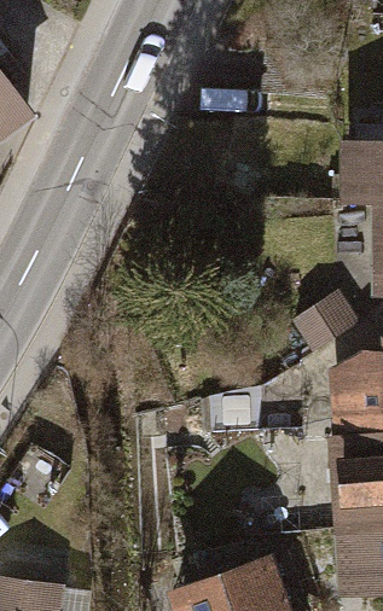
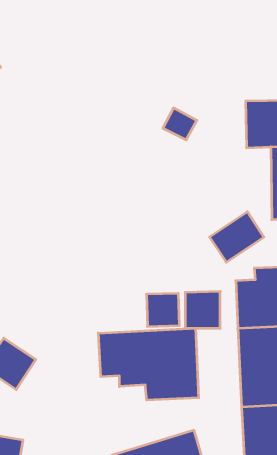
building: none -> [98,328,199,400]

